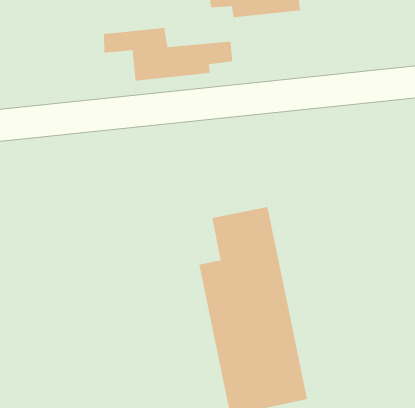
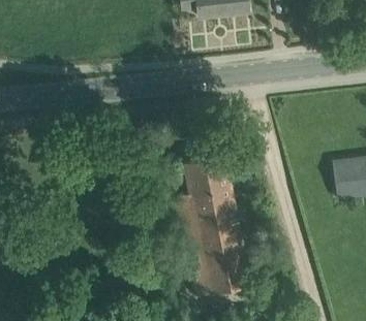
building: [103,27,233,81] -> none

